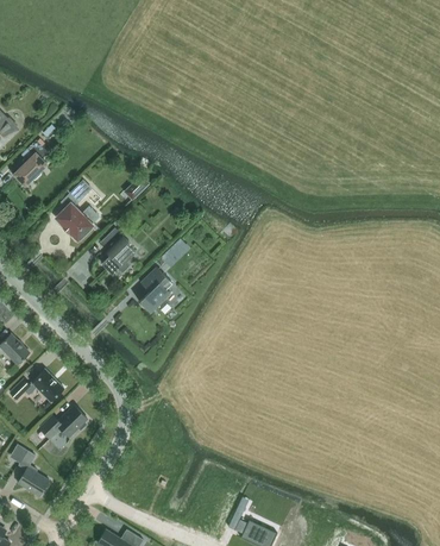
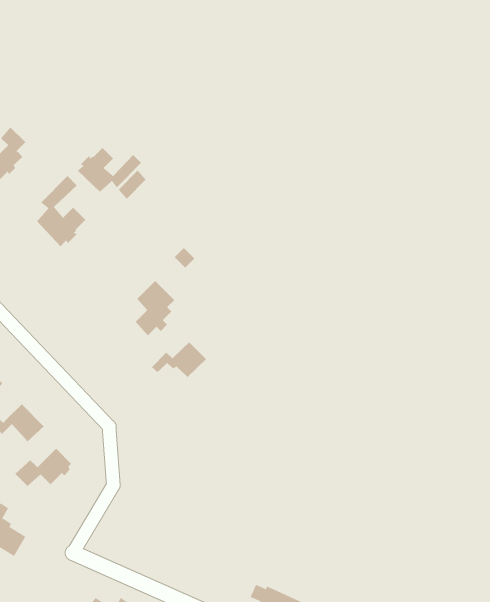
building: none -> [77,147,142,192]
building: [100,227,136,275] -> none
building: none -> [151,342,207,378]

